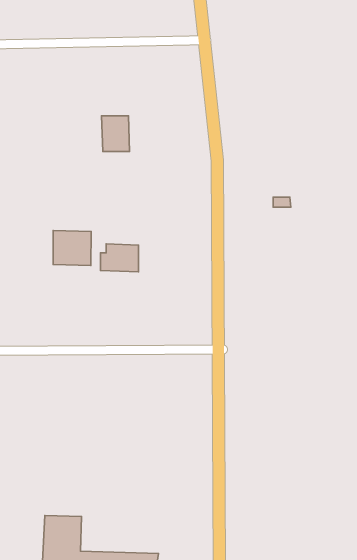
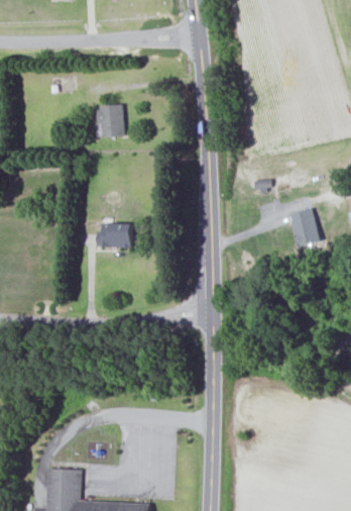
building: none -> [290,208,319,246]
building: [53,230,91,266] -> none

